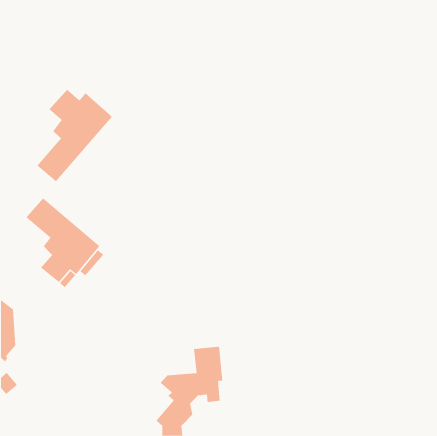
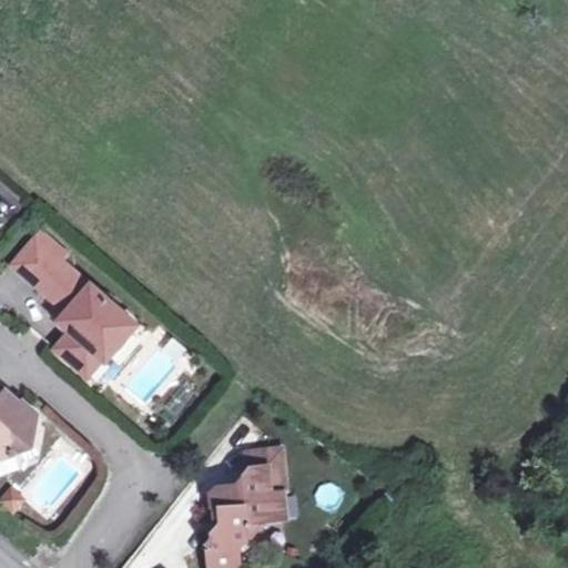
building: [37,89,113,182] -> none
building: none -> [10,229,62,282]

